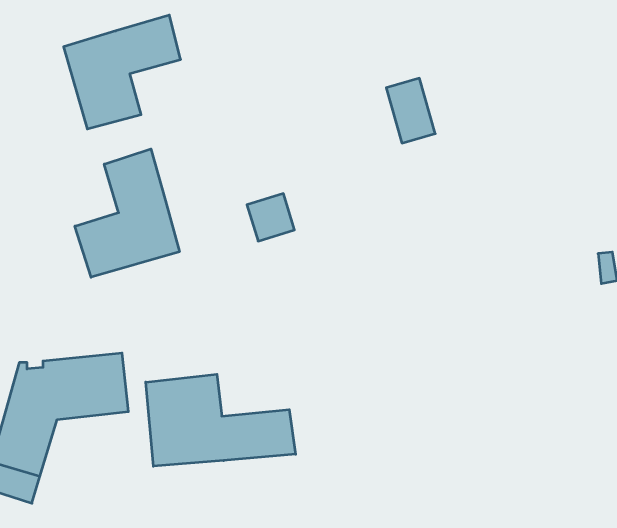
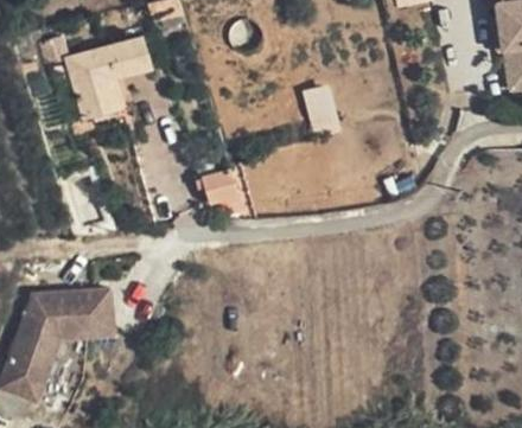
building: [75,149,179,277] -> none
building: [146,374,296,466] -> none

